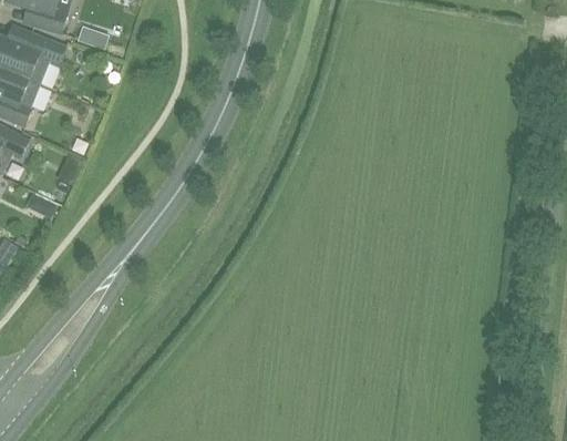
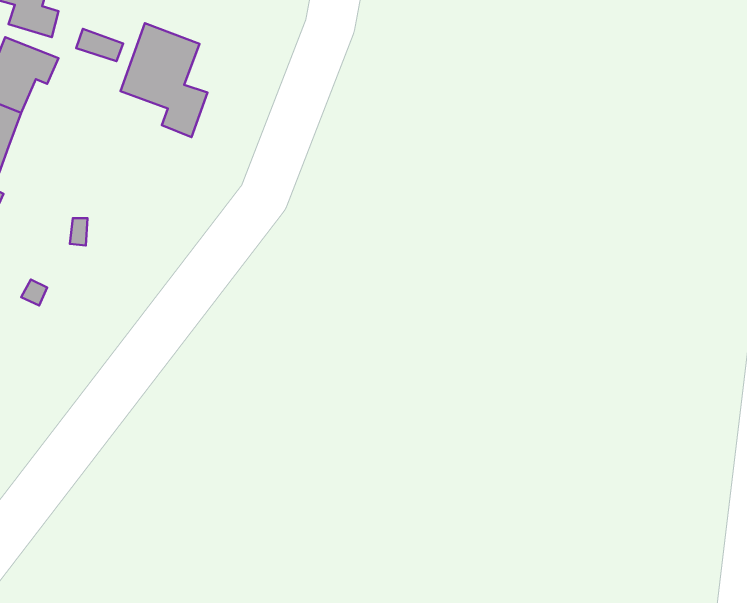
building: none -> [121,23,207,137]

